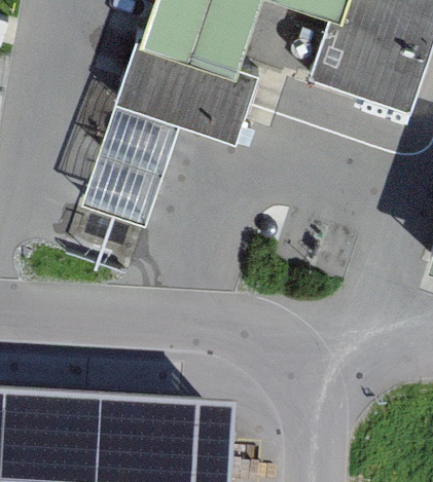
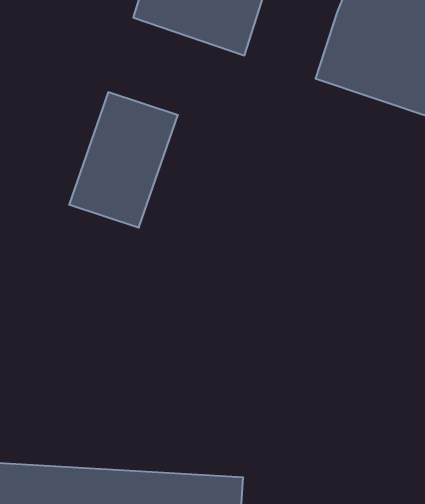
building: [119,21,262,127] -> none

